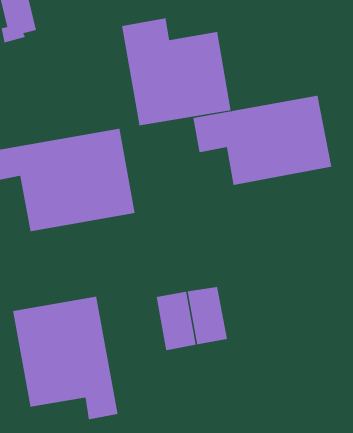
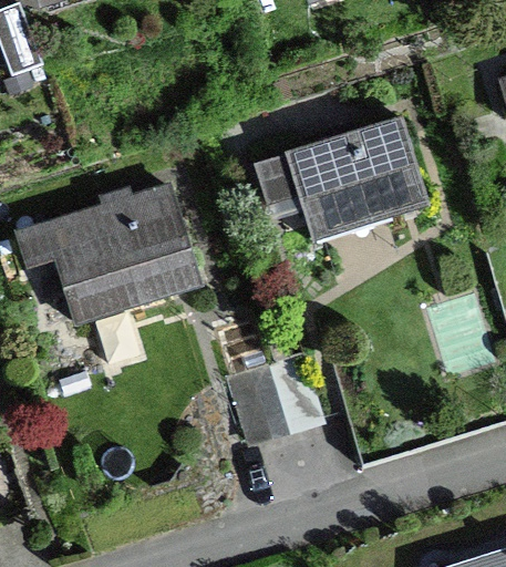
building: [122,18,231,126] -> none
building: [13,296,118,420] -> none

